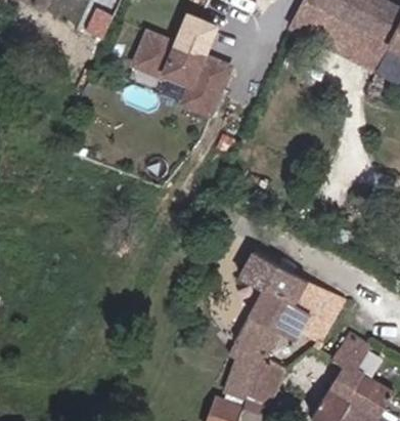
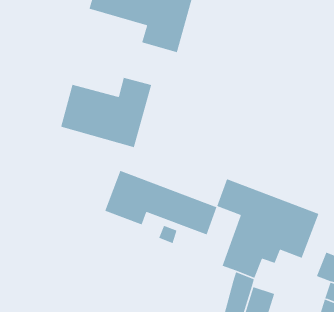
building: none -> [60,77,152,148]
building: none -> [104,170,218,235]

